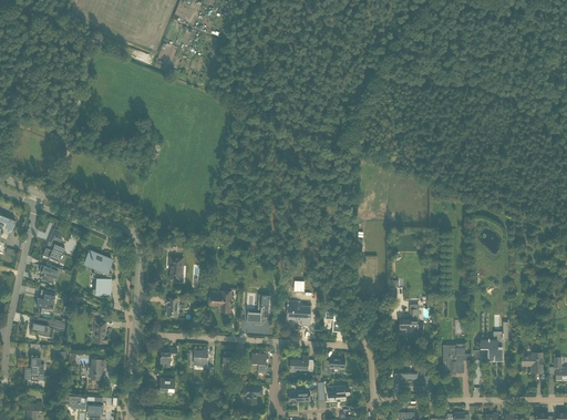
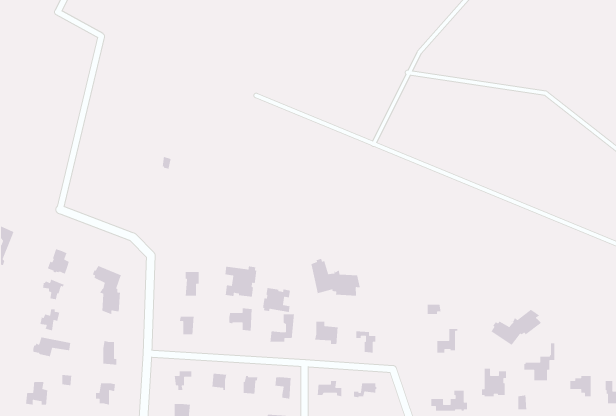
building: none -> [310,258,361,297]
building: none -> [224,266,257,298]
building: none -> [262,287,291,313]
building: none -> [488,309,542,346]

